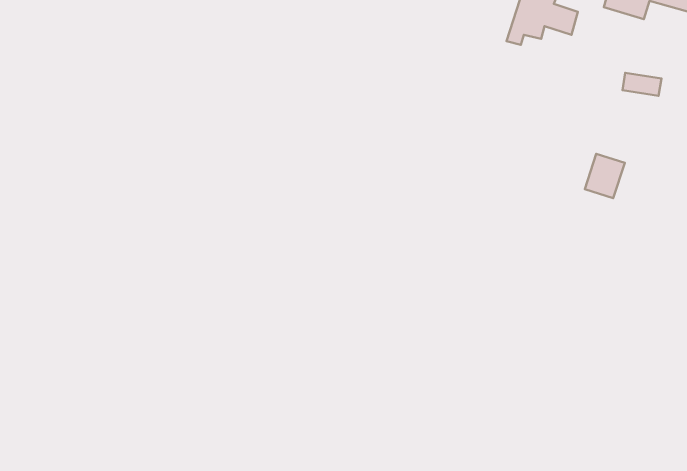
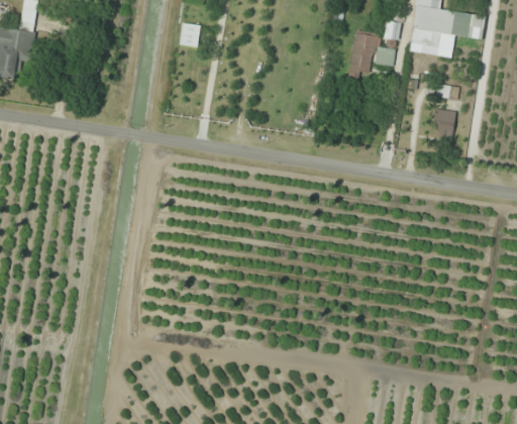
building: [585,154,625,198] -> [431,109,455,137]

